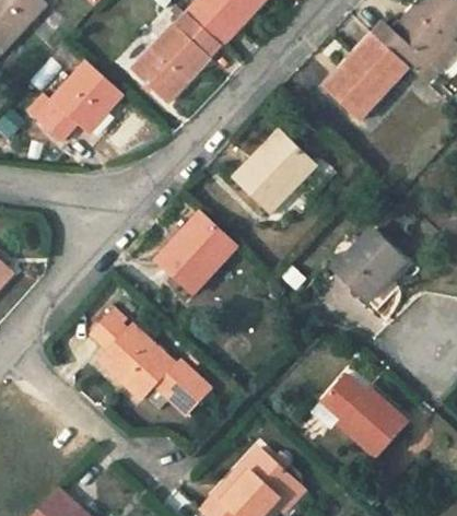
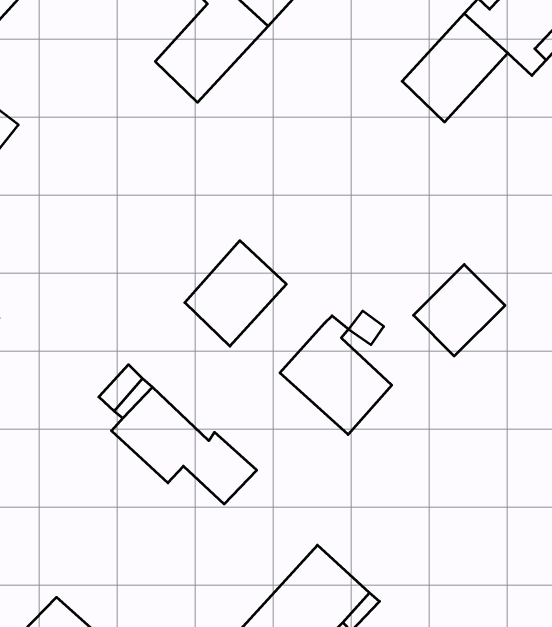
building: [35,62,121,141] -> none
building: [233,129,315,211] -> none
building: none -> [280,316,392,435]
building: [321,375,408,457] -> none

